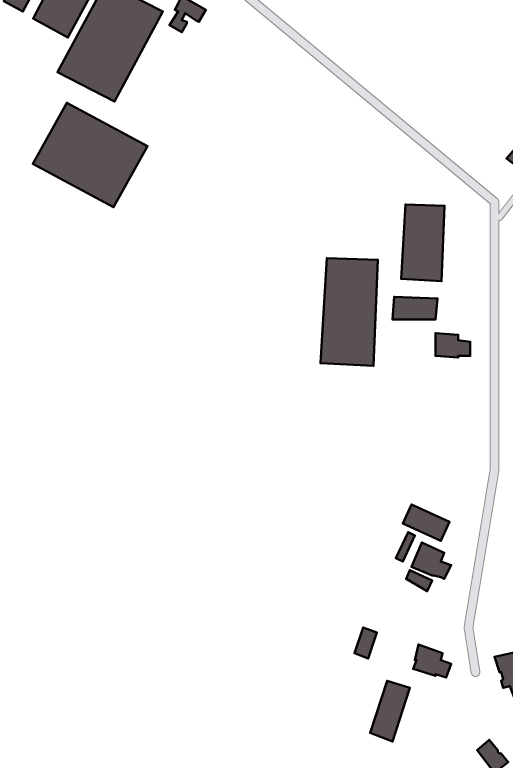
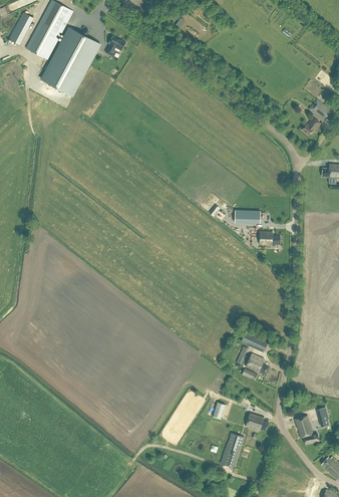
building: [33,103,147,207] -> none
building: [401,205,445,281] -> none
building: [321,258,378,366] -> none

